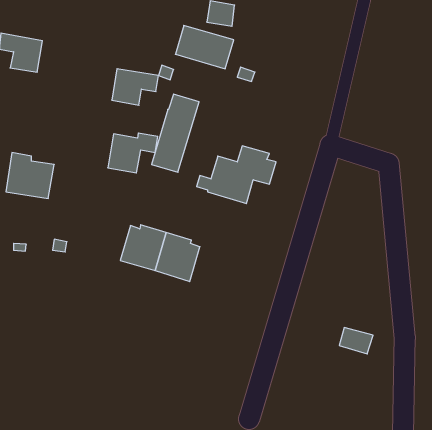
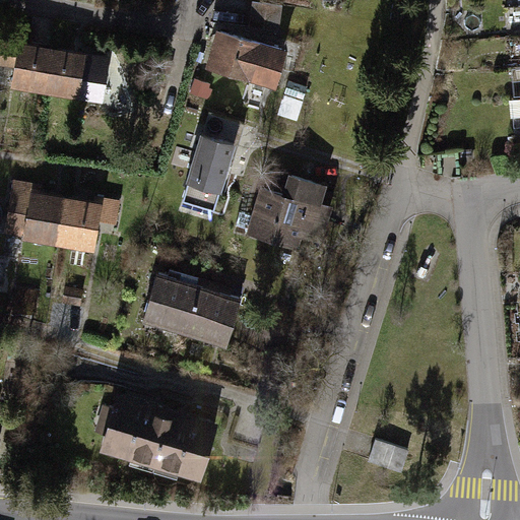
building: [112,69,158,105] -> [45,53,101,96]
building: [108,133,158,173] -> [58,200,118,248]
building: [339,328,373,354] -> [370,442,410,473]
building: none -> [103,399,214,476]

